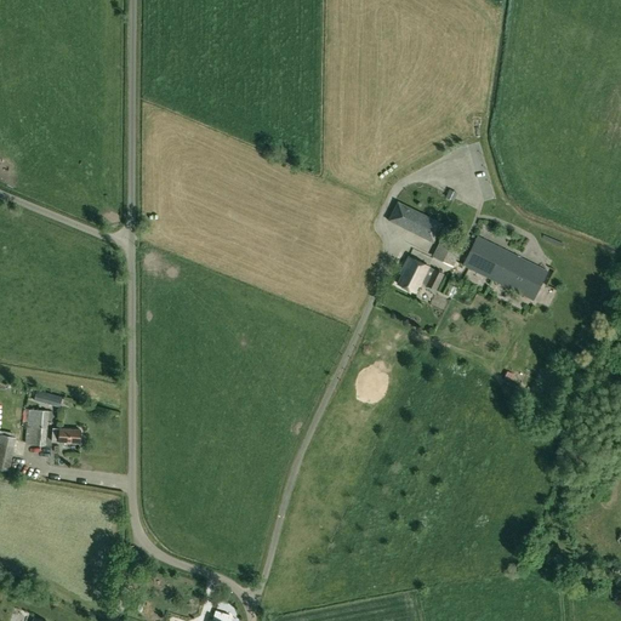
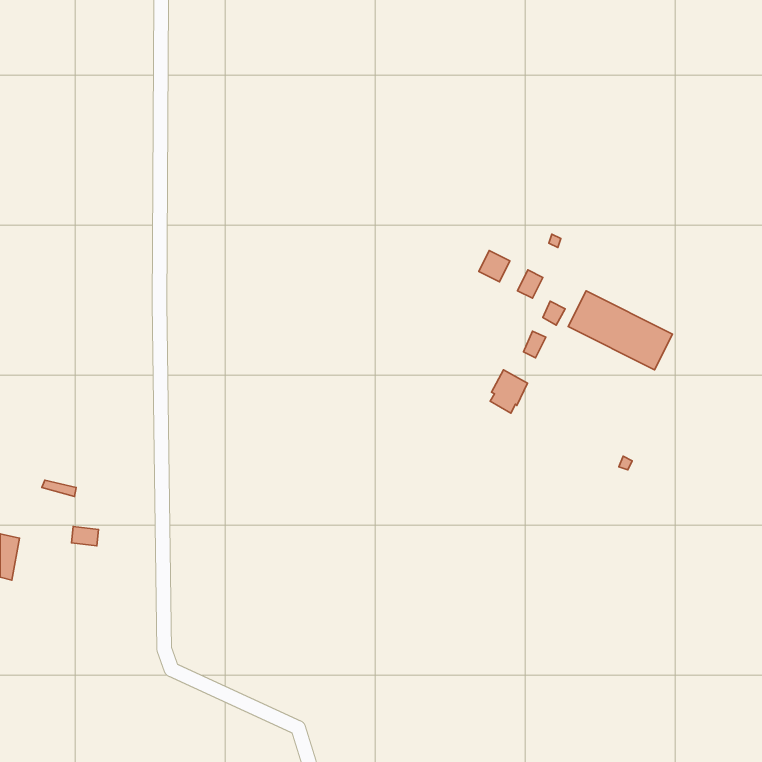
building: [398,257,428,292] -> [490,370,527,413]
building: [25,410,49,446] -> none

